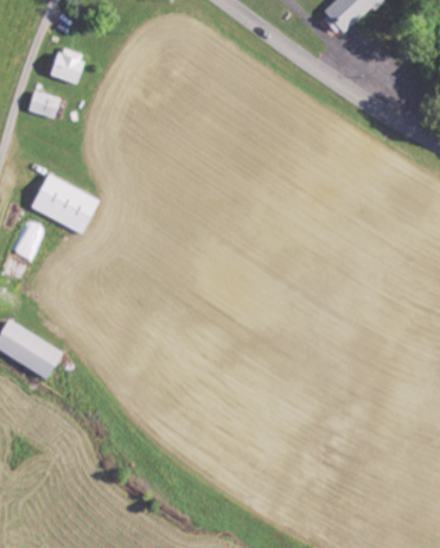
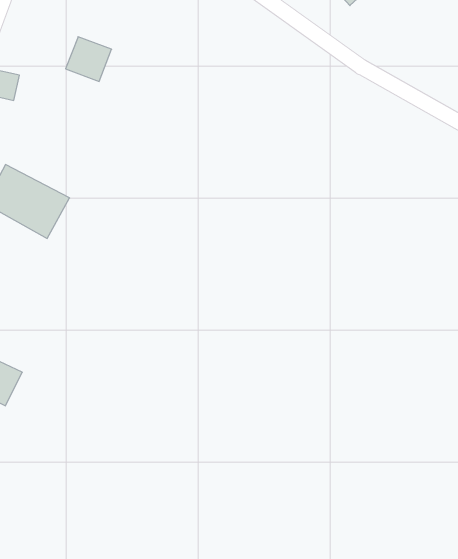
building: [49,47,88,85] -> [66,37,112,81]

